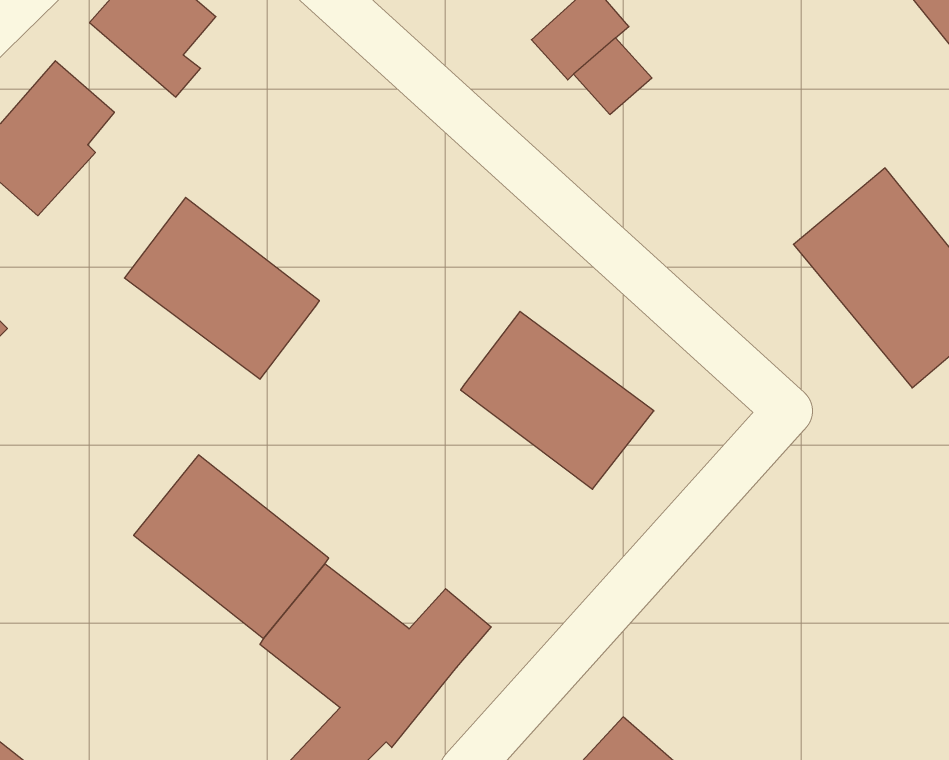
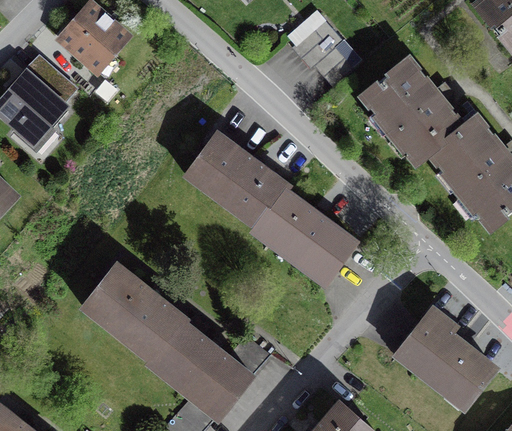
building: none -> [360,57,464,165]
building: [124,197,319,379] -> [185,133,287,228]
building: none -> [396,310,494,407]

